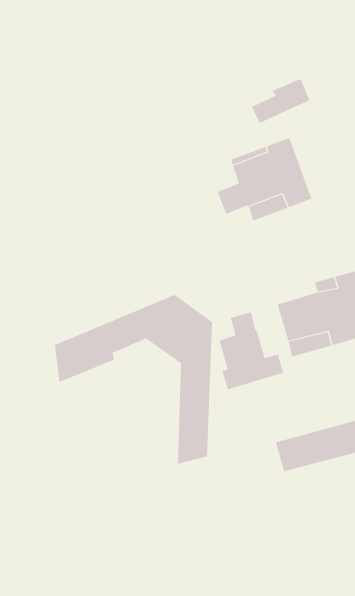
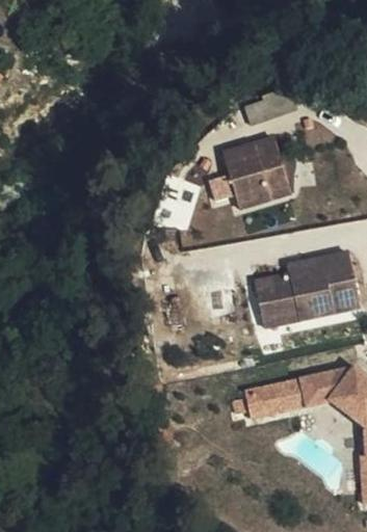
building: [55,294,213,464] -> none
building: [219,312,284,390] -> none

